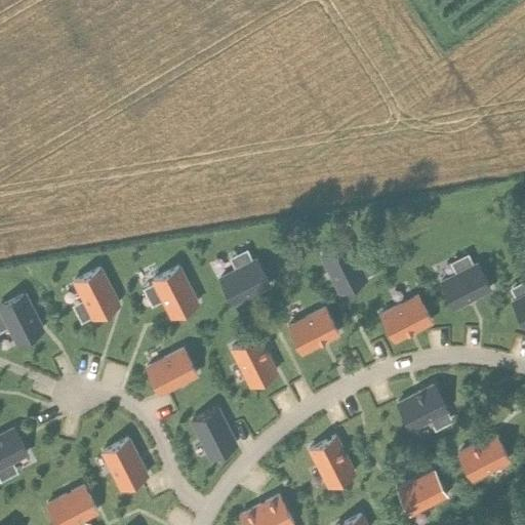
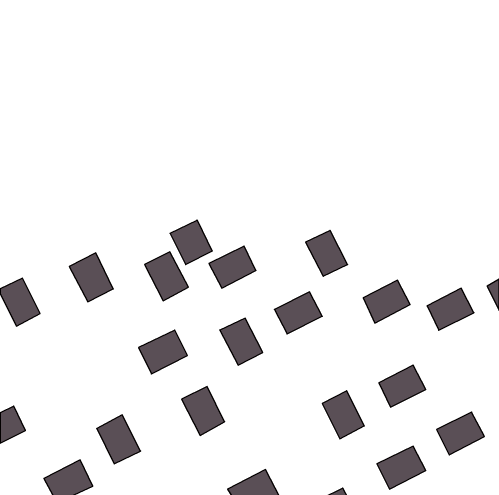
building: none -> [170,220,212,265]
building: [441,267,490,311] -> [427,288,474,330]
building: [310,439,354,489] -> [322,391,364,439]

